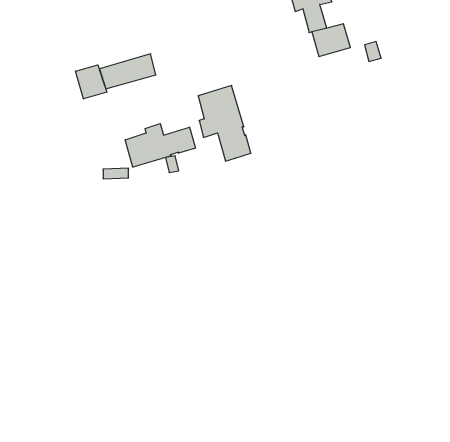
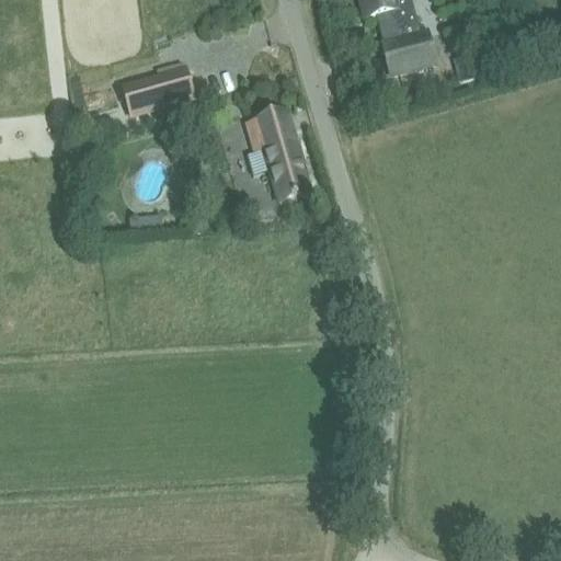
building: [76,65,107,99] -> none
building: [125,124,195,167] -> none

